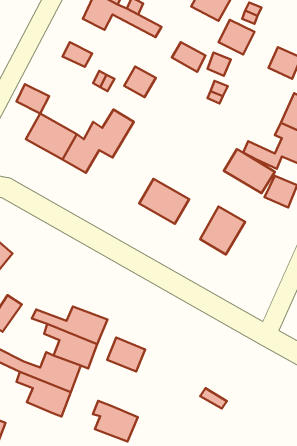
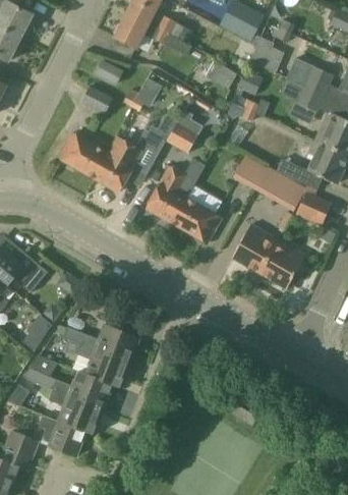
building: none -> [279,78,324,111]
building: [124,67,156,97] -> [168,121,199,152]
building: [17,84,49,114] -> [81,86,114,115]
building: none -> [233,154,269,188]
building: none -> [147,166,187,221]
building: none -> [257,239,301,287]
building: [107,338,145,371] -> none
building: [93,401,138,442] -> [41,415,85,455]

